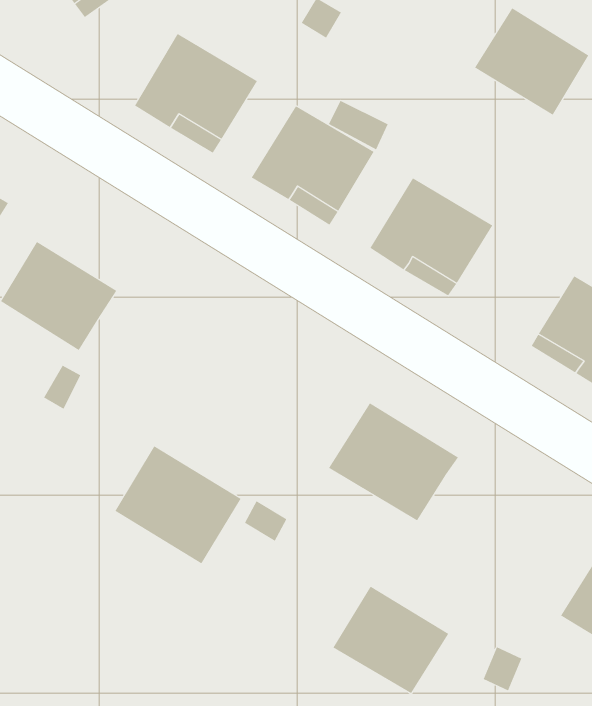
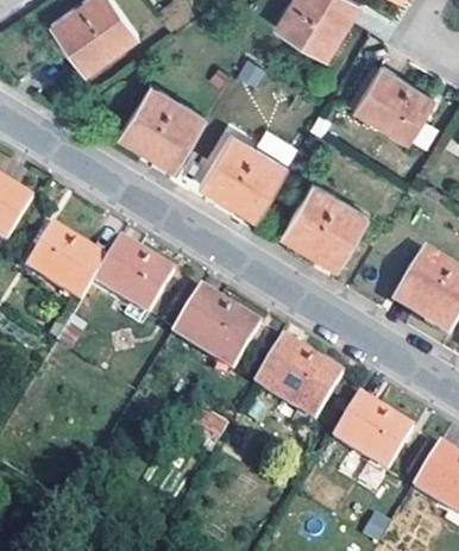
building: none -> [94,239,174,314]
building: [114,446,241,564] -> [172,288,260,370]
building: [333,586,449,694] -> [333,394,414,469]

